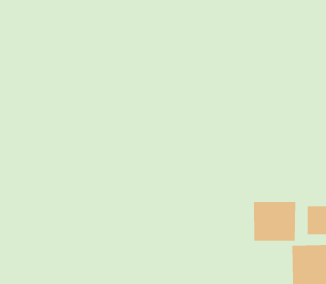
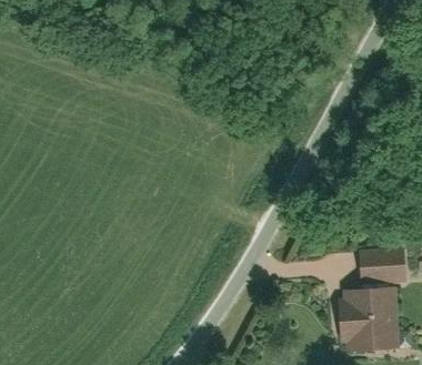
building: [254,201,296,242] -> none

